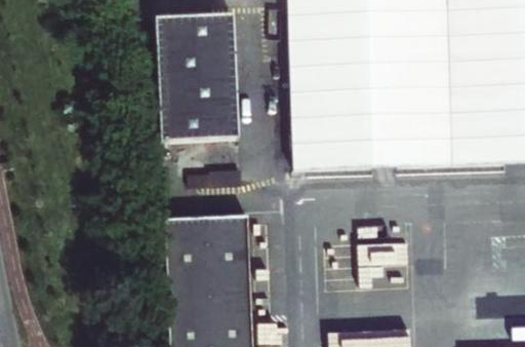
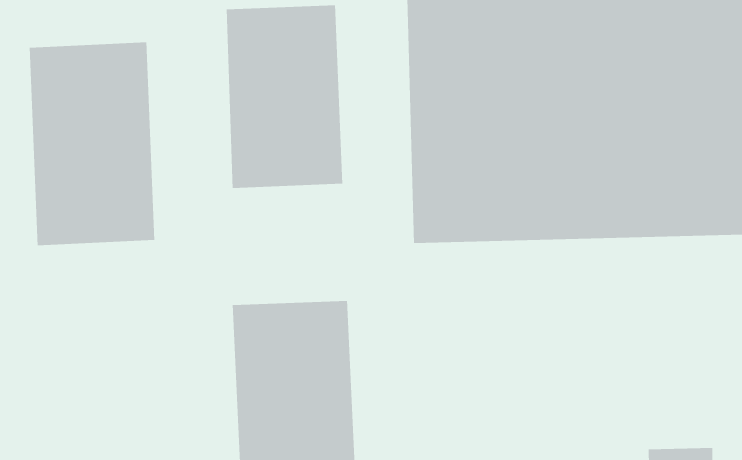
building: none -> [29,41,155,246]

